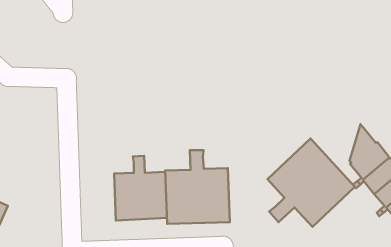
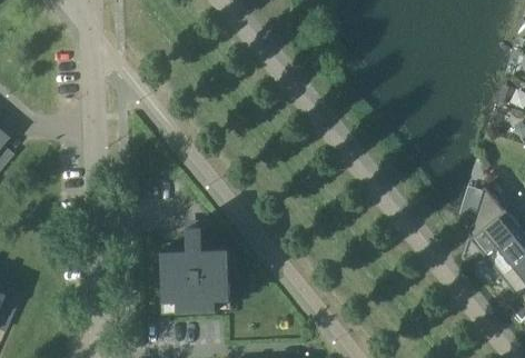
building: [267,139,355,227] -> none
building: [165,150,230,224] -> none

